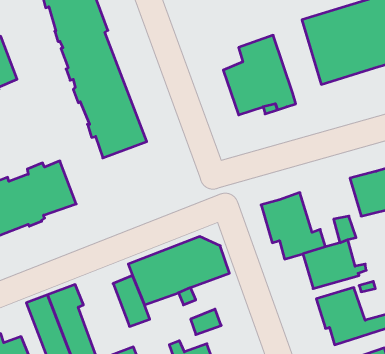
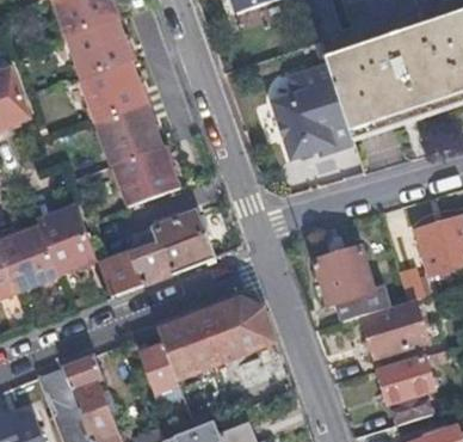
building: none -> [325,43,383,129]
building: none -> [97,207,212,296]

